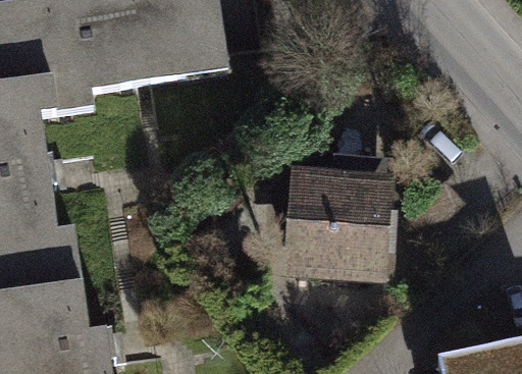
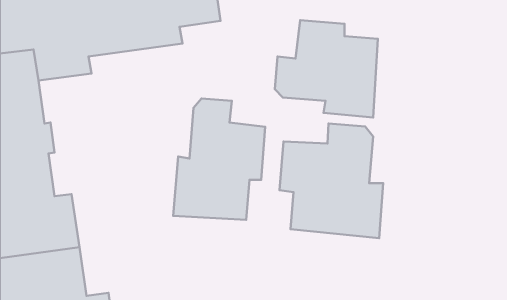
building: none -> [275,20,378,117]
building: none -> [173,98,265,220]

